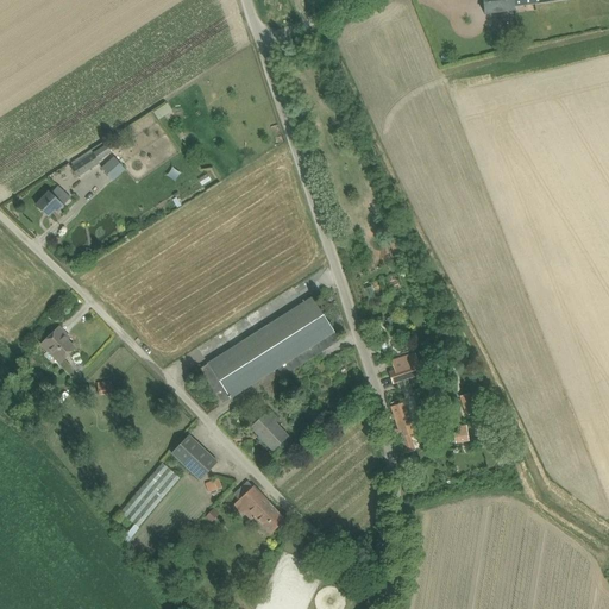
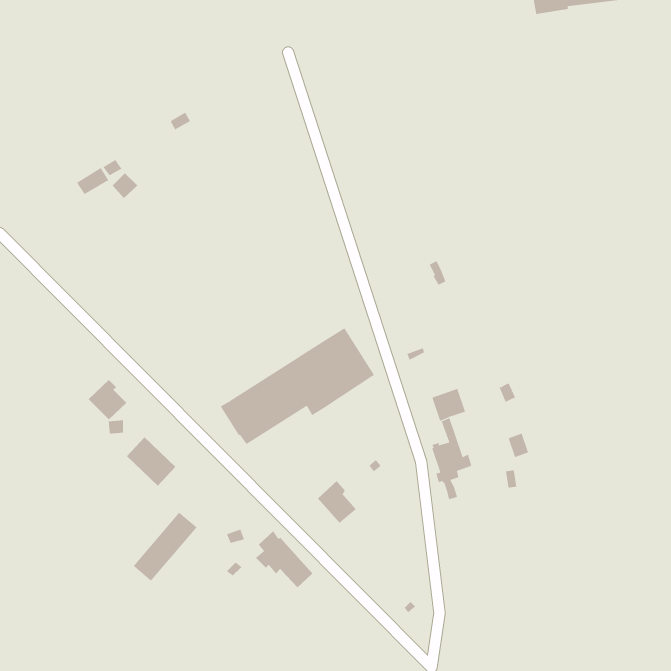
building: [36,184,70,215] -> none
building: [39,326,75,363] -> [88,379,127,420]
building: [251,409,287,448] -> [317,480,357,524]
building: [171,434,216,479] -> [126,437,176,487]

